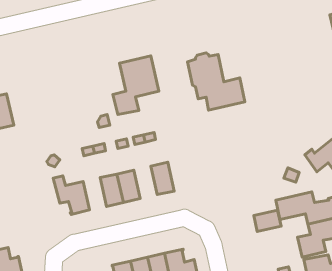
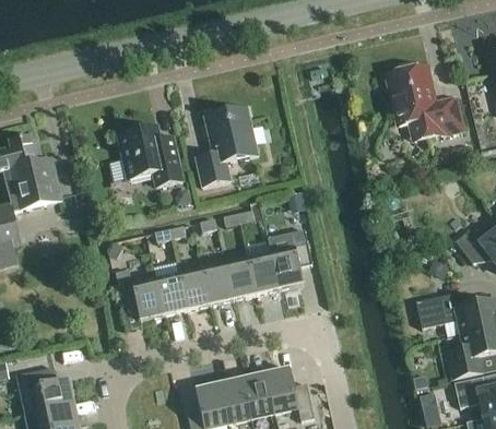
building: [188,53,245,110] -> [386,63,463,141]
building: none -> [118,128,182,187]
building: none -> [270,229,312,290]
building: none -> [224,257,256,300]
building: none -> [155,272,187,315]
building: [254,210,281,232] -> none

